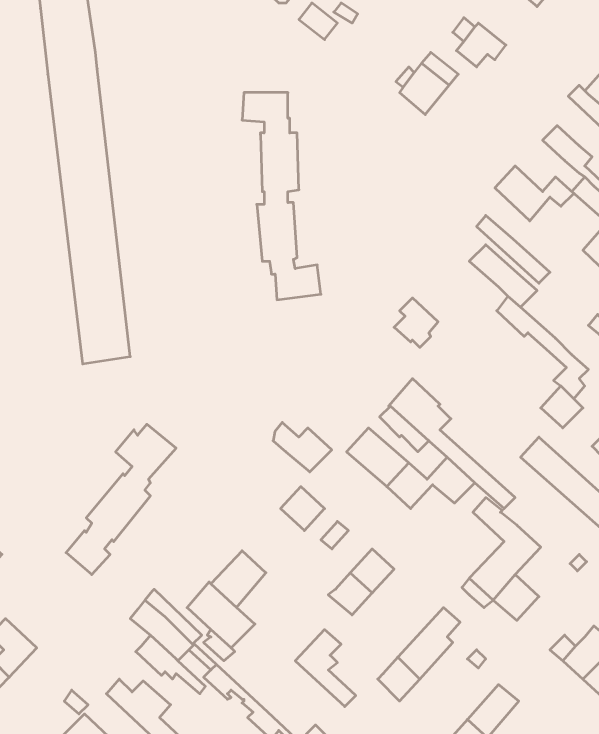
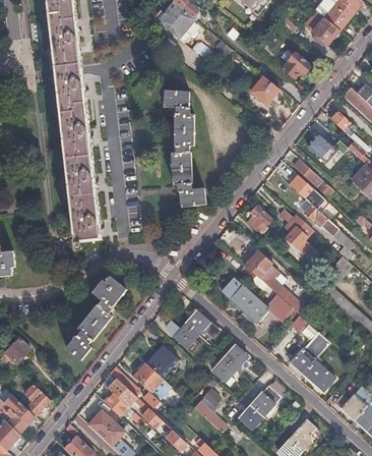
building: none -> [278,210,315,259]
building: [273,422,332,472] -> [165,320,197,347]

